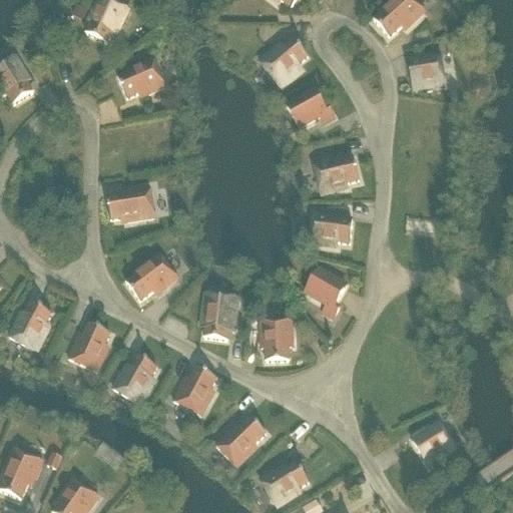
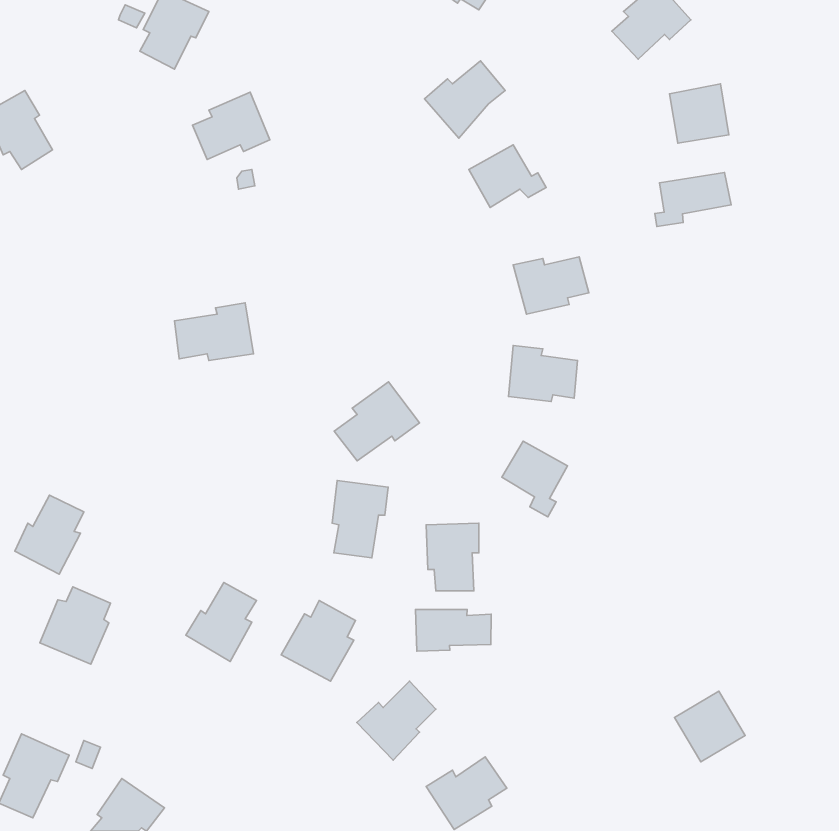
building: none -> [655,173,731,227]
building: [125,251,177,300] -> [334,382,420,461]
building: [67,323,110,370] -> [40,587,111,664]
building: none -> [416,609,491,651]

